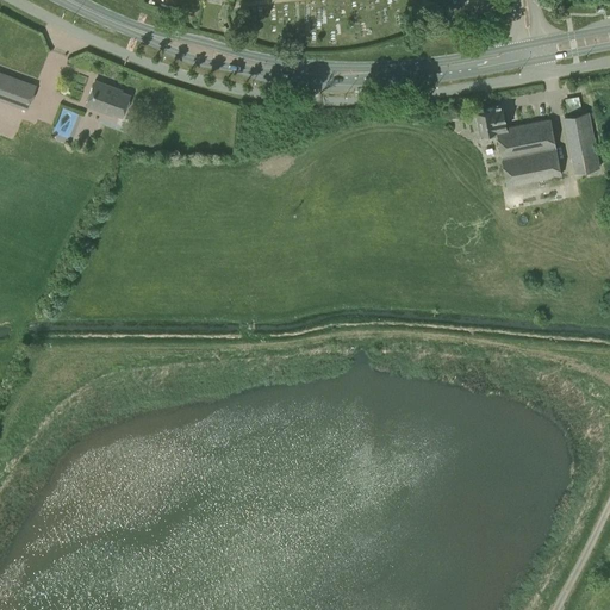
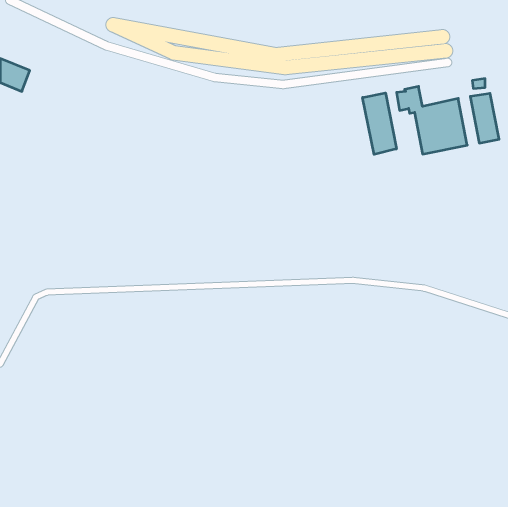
building: [86,81,130,117] -> none
building: none -> [363,93,396,154]

